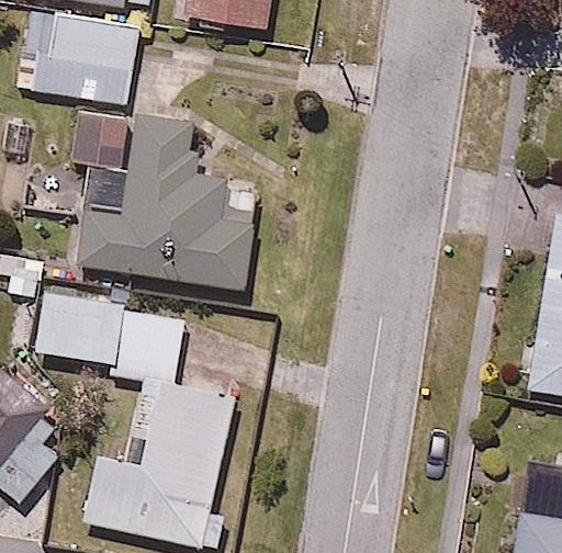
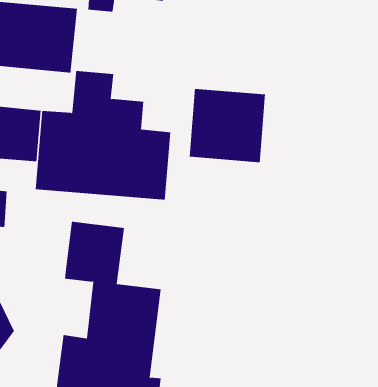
building: none -> [189,88,266,163]
building: [35,289,123,364] -> none

